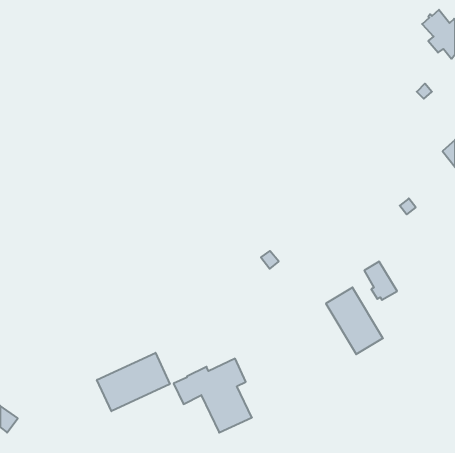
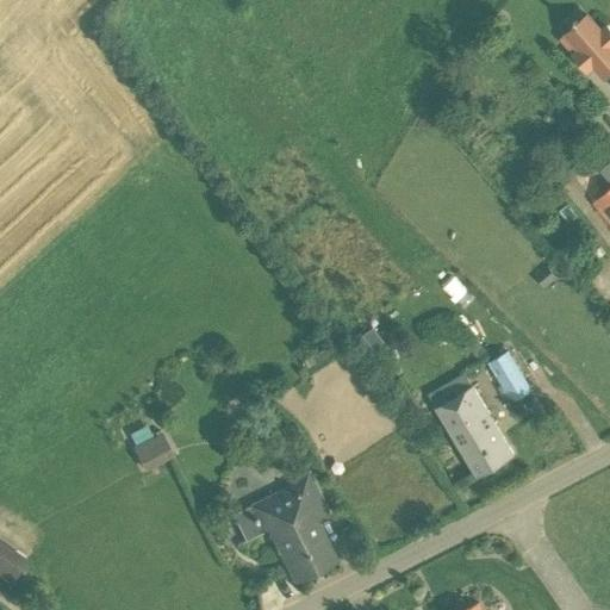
building: none -> [129,427,170,465]
building: [97,353,170,411] -> none

